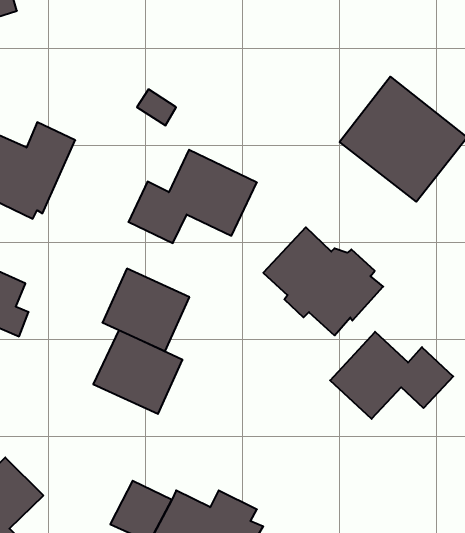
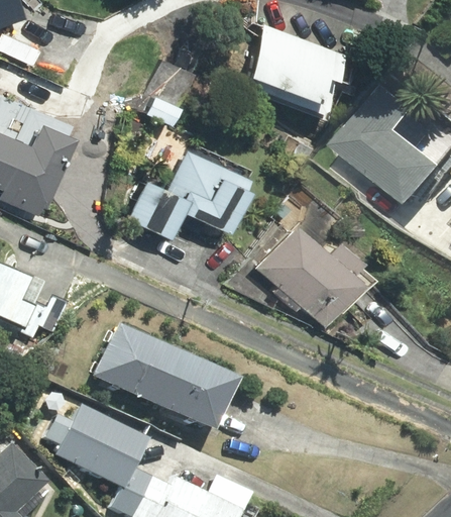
building: none -> [252,26,344,117]
building: [102,269,189,351] -> [157,350,240,429]
building: [330,332,453,419] -> none
building: none -> [44,410,144,485]

